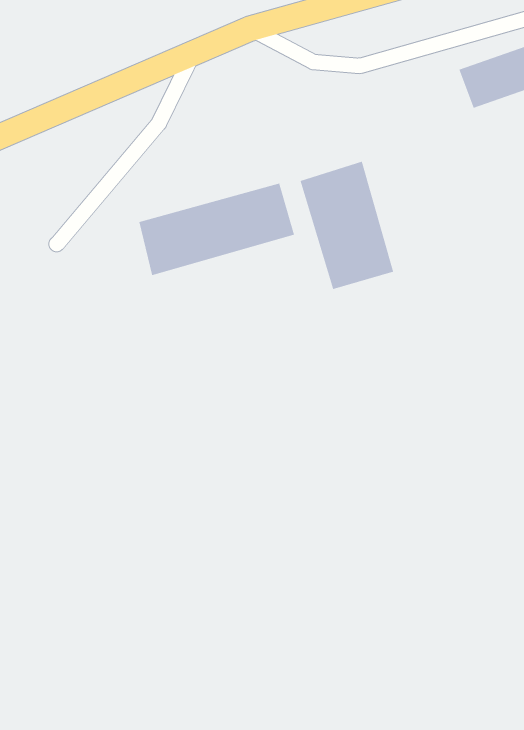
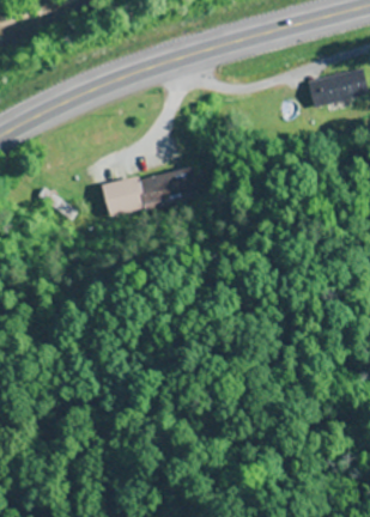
building: [300,161,394,290] -> none

